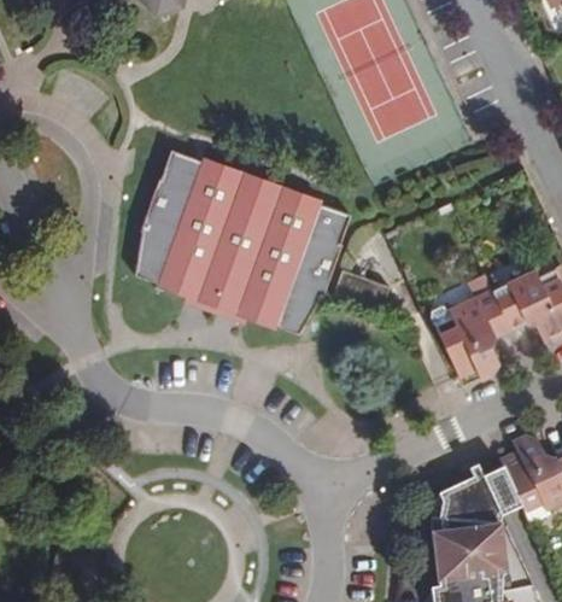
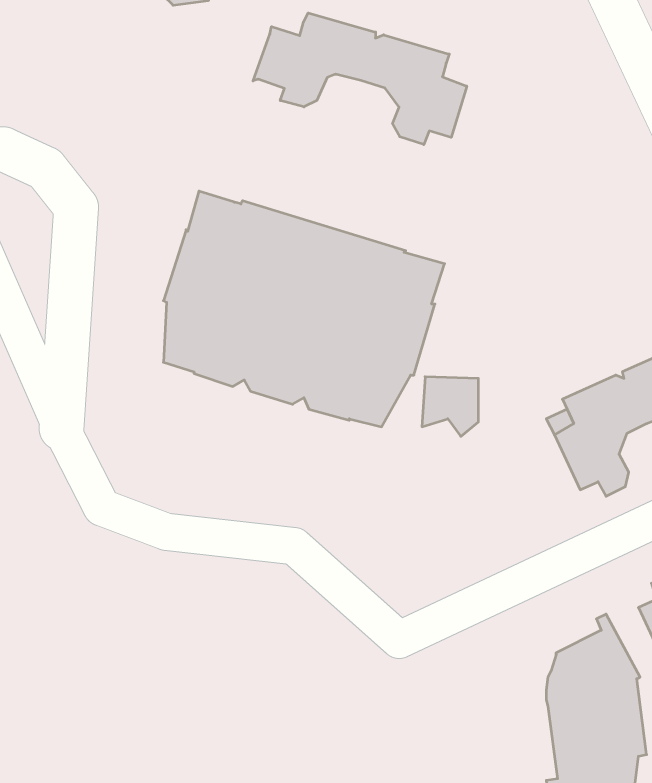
building: none -> [253,13,467,145]

